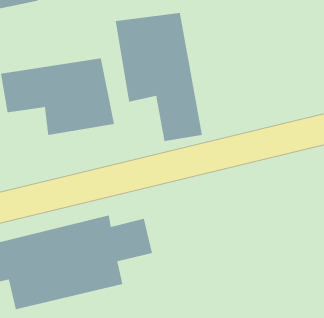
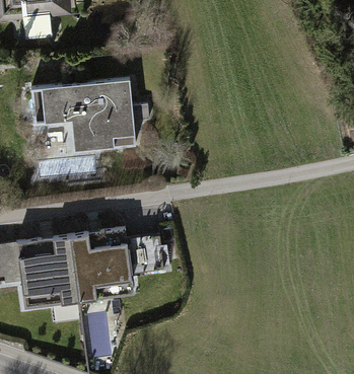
building: [115,12,203,142] -> none

